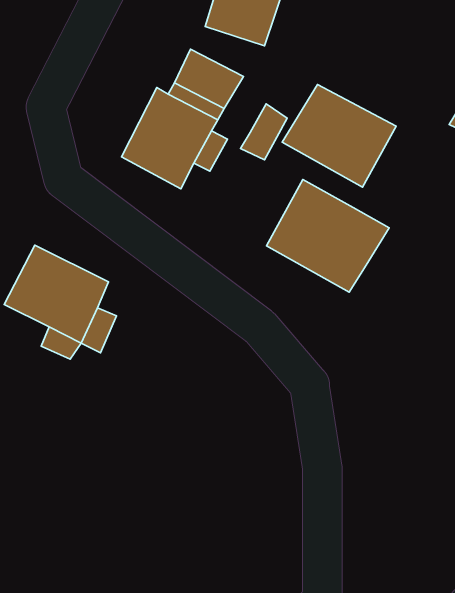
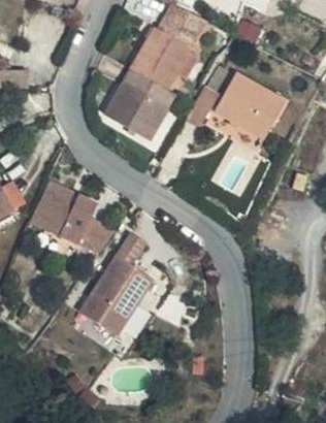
building: [266,179,389,292] -> none
building: none -> [77,230,154,335]

